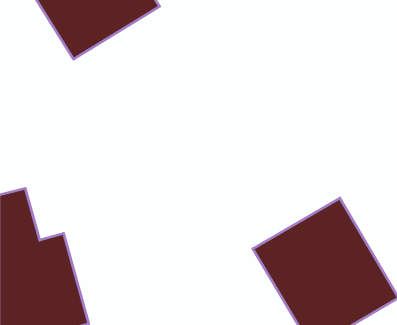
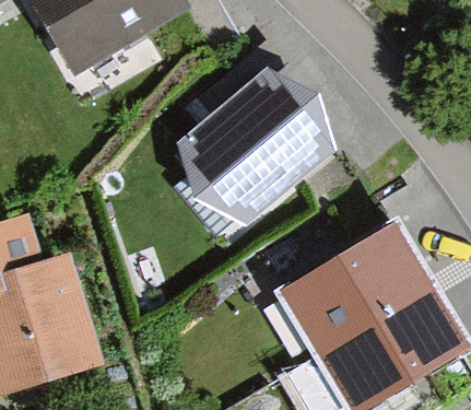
building: none -> [174,90,321,235]

